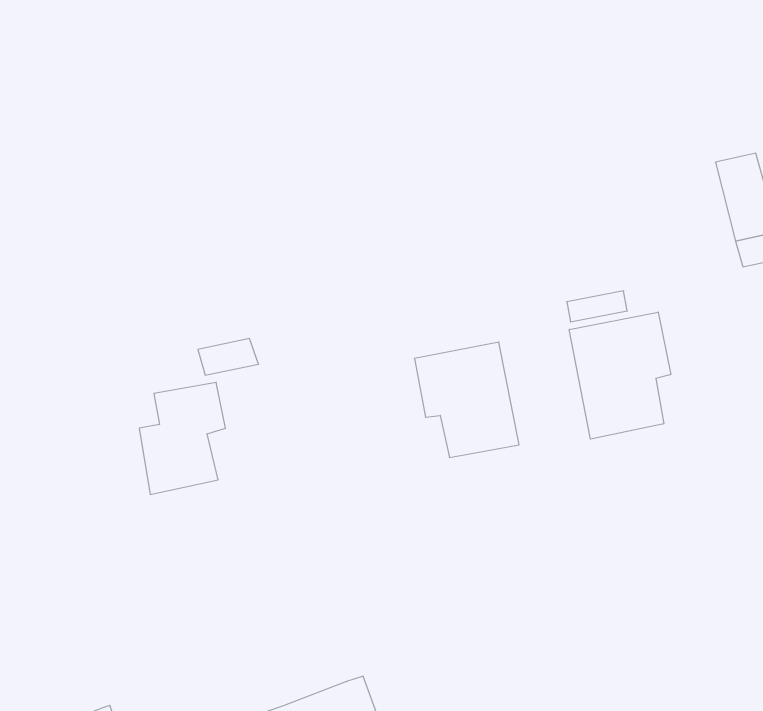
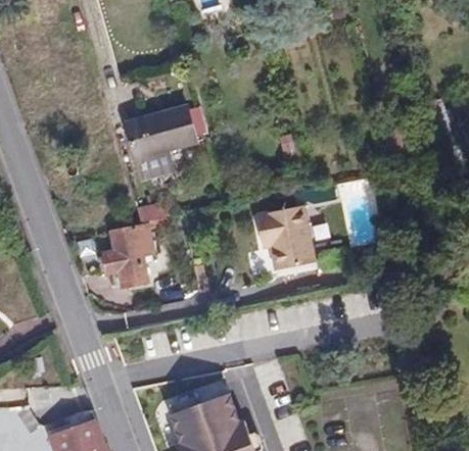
building: none -> [127,107,196,181]
building: [569,312,671,439] -> none

